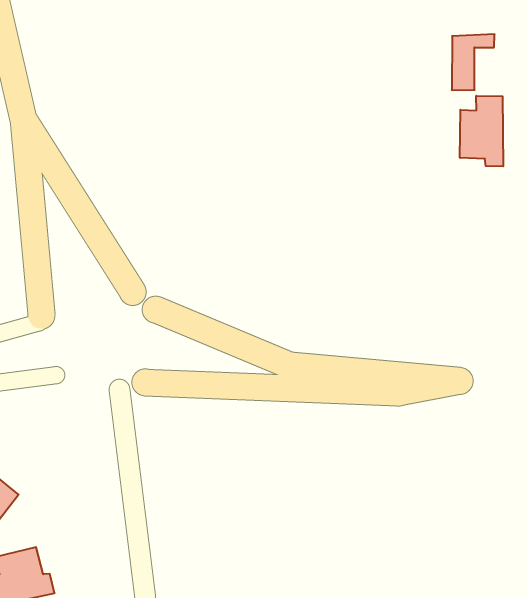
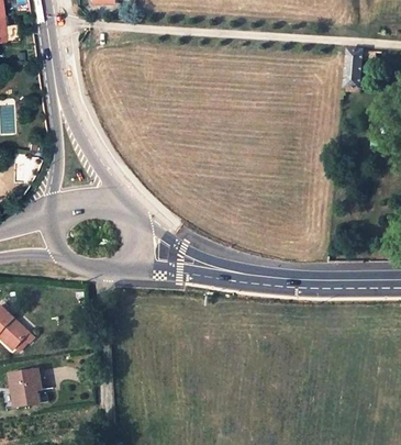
building: [460,96,503,166] -> none

